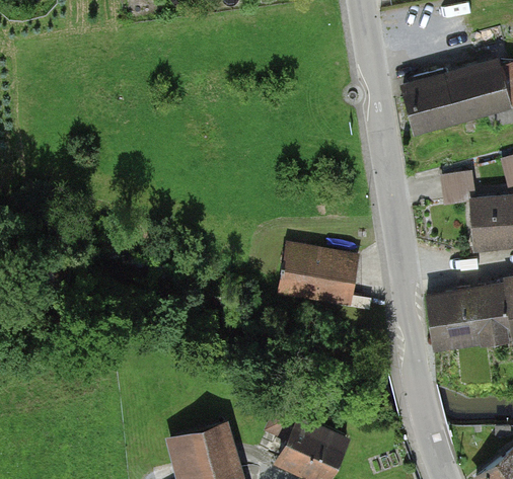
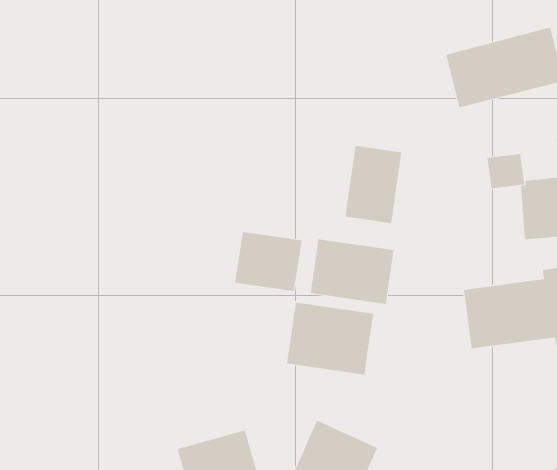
building: none -> [345,145,402,224]
building: none -> [235,231,302,292]
building: none -> [287,302,374,375]

